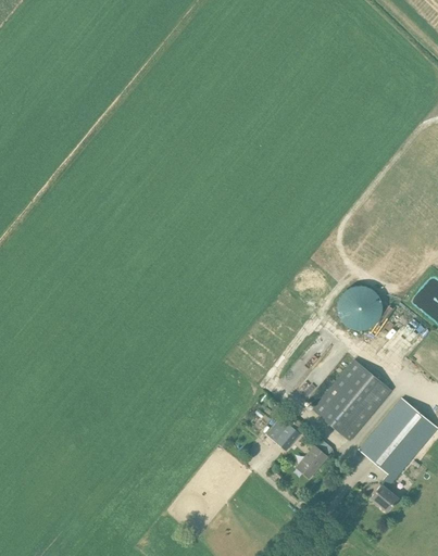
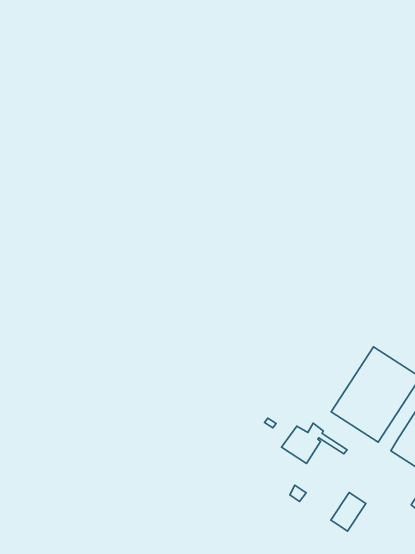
building: [337,286,381,330] -> none
building: [296,446,327,479] -> [331,493,366,531]

